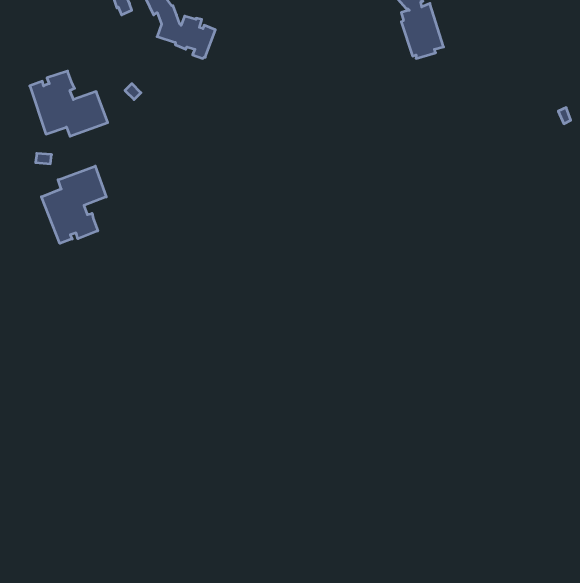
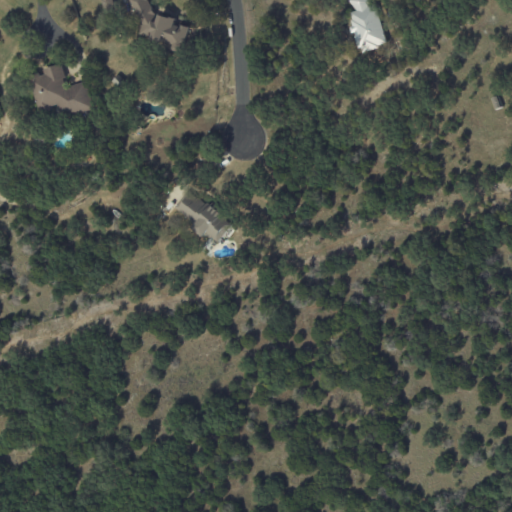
building: [41,166,106,243] -> none
building: none -> [172,189,231,241]

